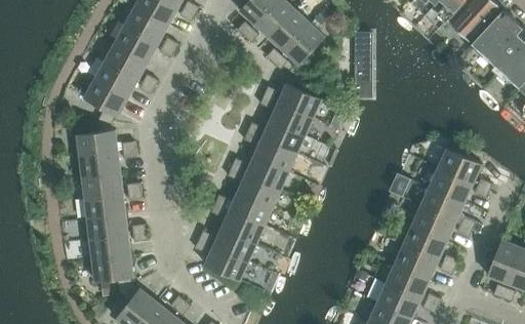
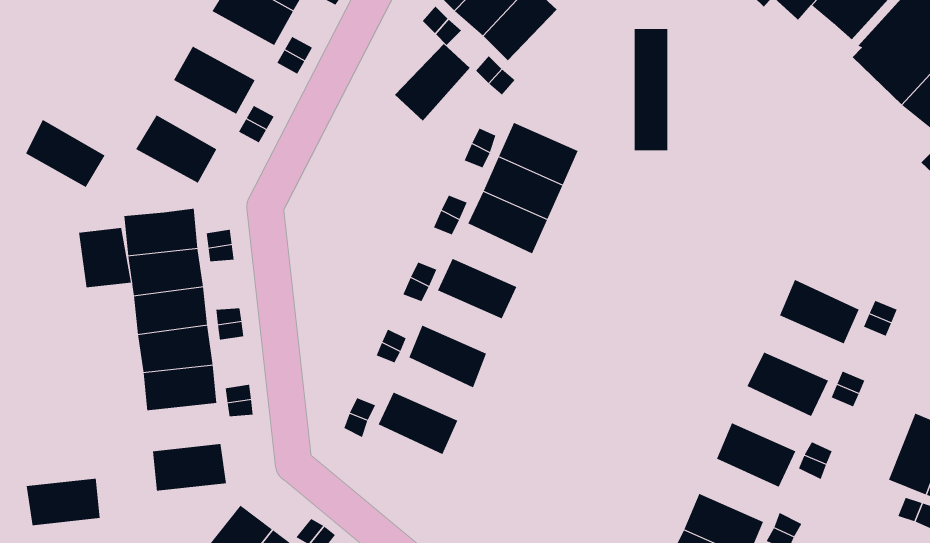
building: [283,23,324,65] -> [394,43,471,122]
building: [114,24,158,60] -> none
building: [94,60,137,97] -> [25,119,105,188]
building: [253,137,296,171] -> none
building: none -> [79,227,131,288]
building: [437,148,481,184] -> none
building: [237,173,280,207] -> none
building: [420,187,463,221] -> none
building: [221,209,265,243] -> none
building: [403,225,446,259] -> none
building: [89,234,129,259] -> [26,478,100,526]
building: [205,245,248,280] -> none
building: [386,264,429,297] -> none

